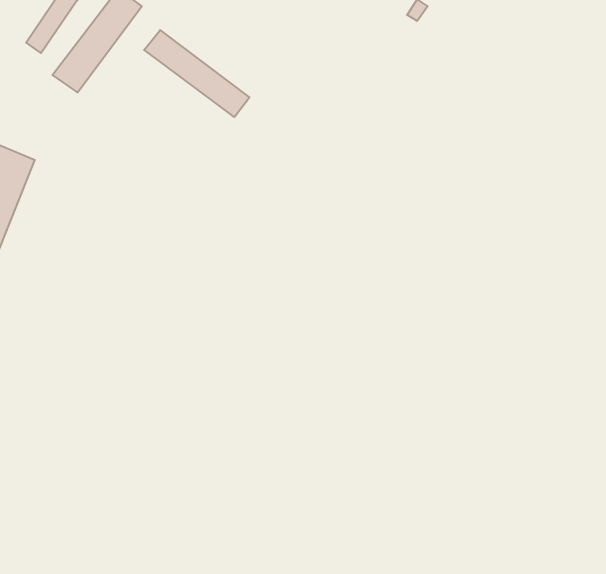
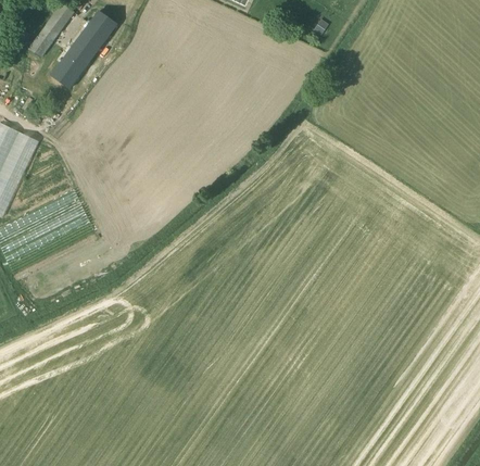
building: [144,30,249,117] -> none

